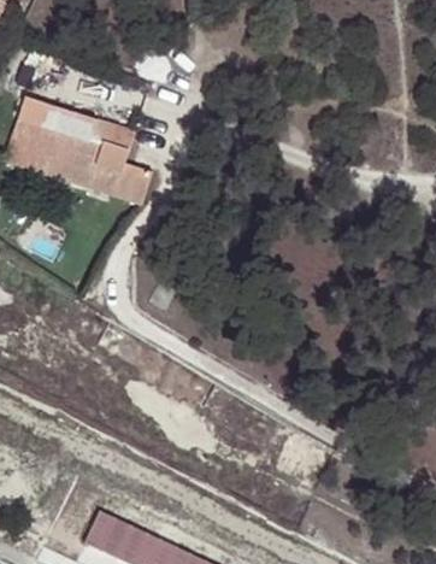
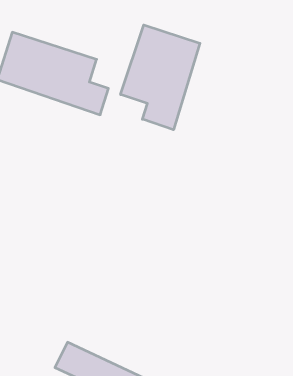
building: none -> [121,25,200,130]

